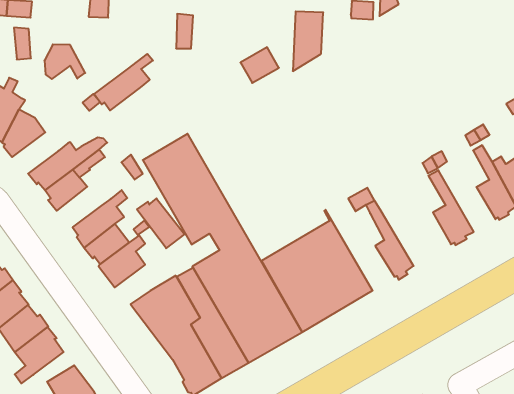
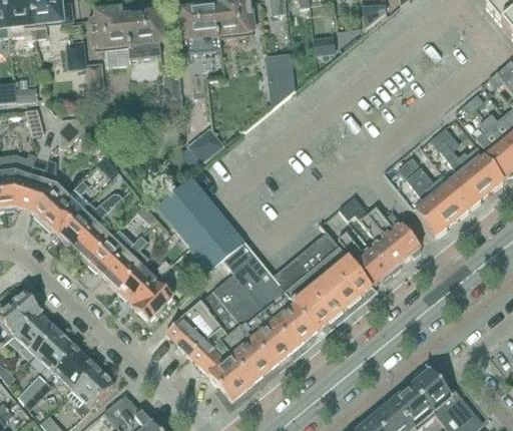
building: [240,47,279,83] -> [188,128,222,161]
building: [94,54,153,110] -> [42,179,88,234]
building: none -> [413,166,469,221]
building: none -> [88,237,126,274]
building: [137,198,185,248] -> none
building: none -> [368,207,421,259]
building: none -> [338,232,391,284]

